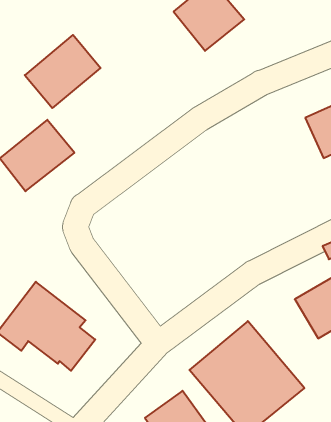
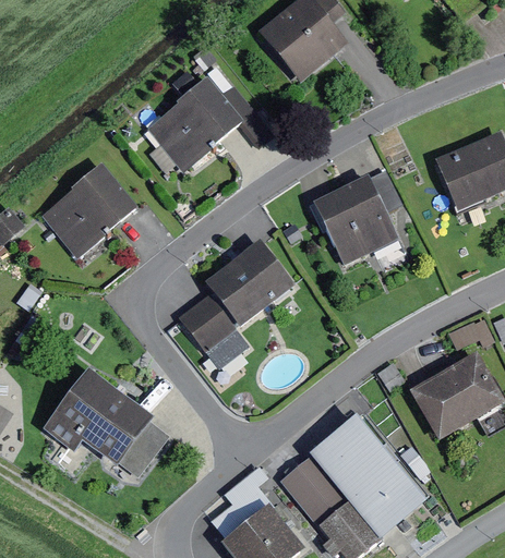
building: [25,35,101,108] -> [148,76,243,168]
building: none -> [314,173,401,265]
building: none -> [208,240,296,324]
building: none -> [179,292,247,365]

